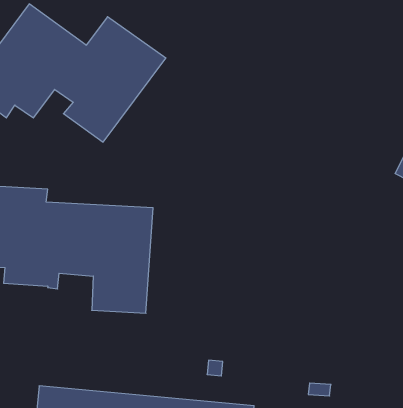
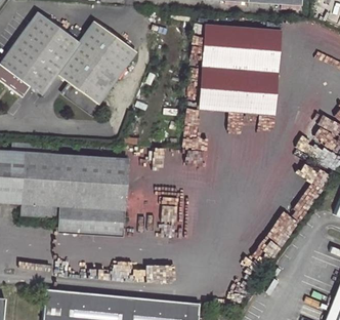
building: none -> [193,24,274,114]
building: none -> [58,206,85,233]

